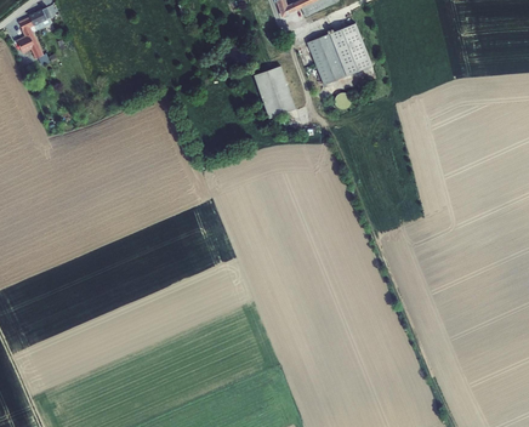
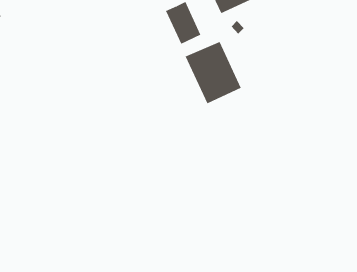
building: none -> [185,41,241,104]

